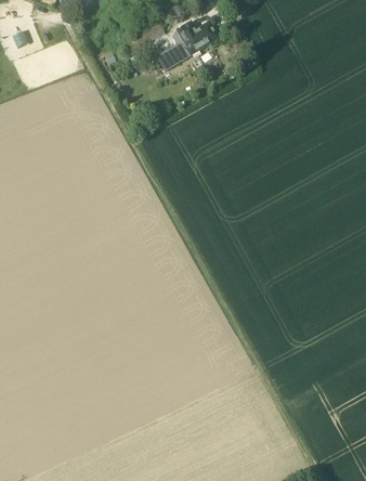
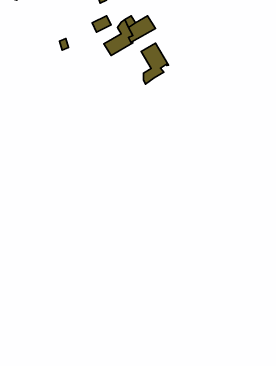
building: none -> [141,43,168,84]

